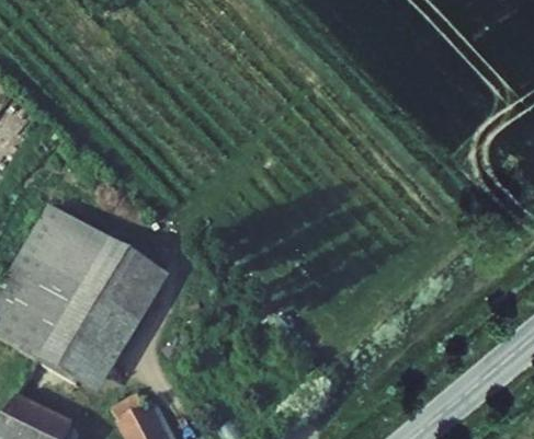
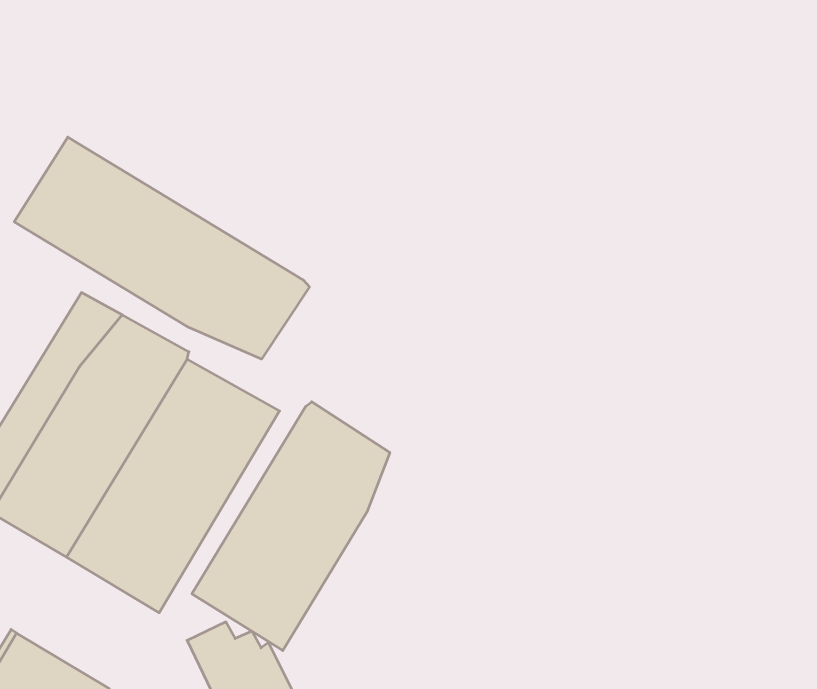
building: none -> [14,137,309,359]
building: none -> [192,402,390,651]

